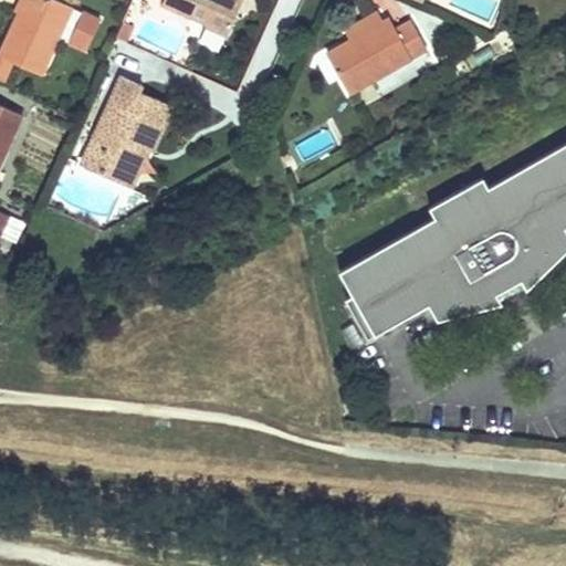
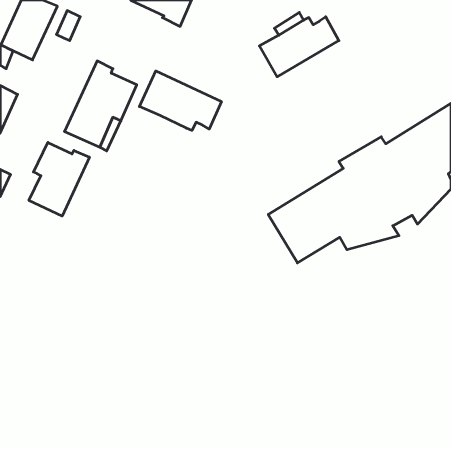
building: none -> [139,71,221,130]
building: none -> [29,142,89,216]

